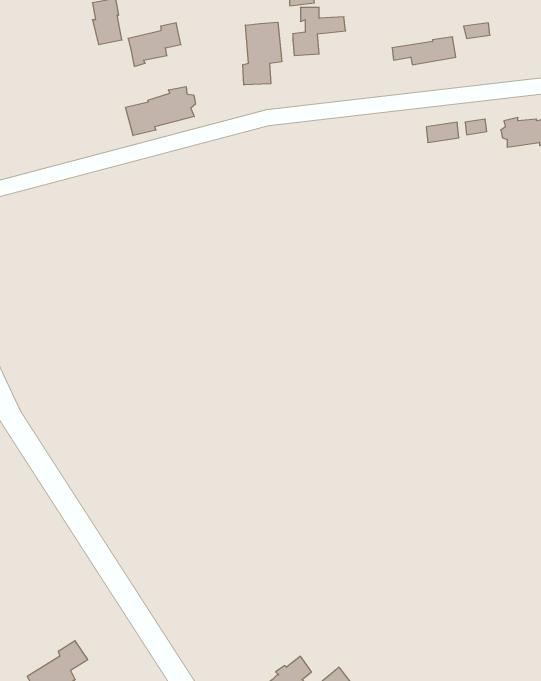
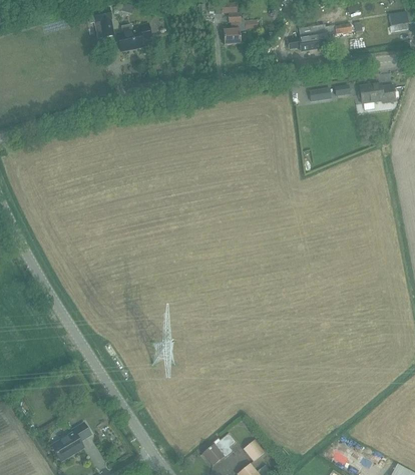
building: [243,22,282,85] -> none
building: [126,87,195,136] -> none

